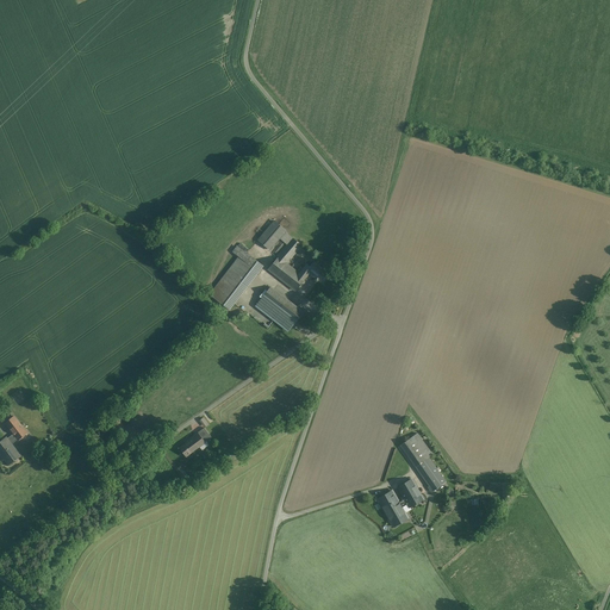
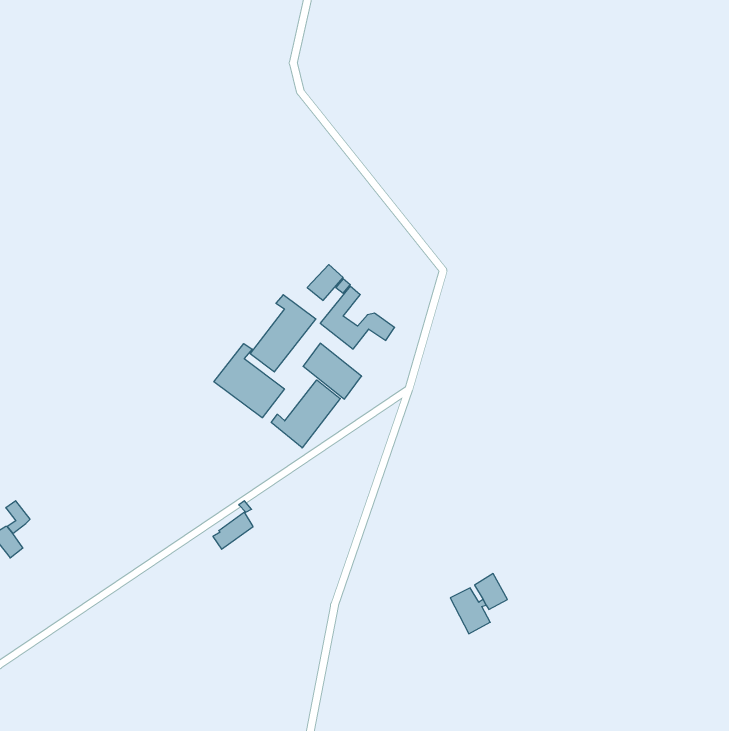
building: none -> [214,344,284,418]
building: none -> [271,380,340,448]
building: [399,432,444,491] -> none

